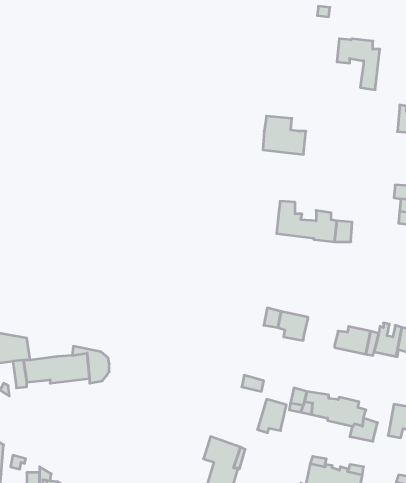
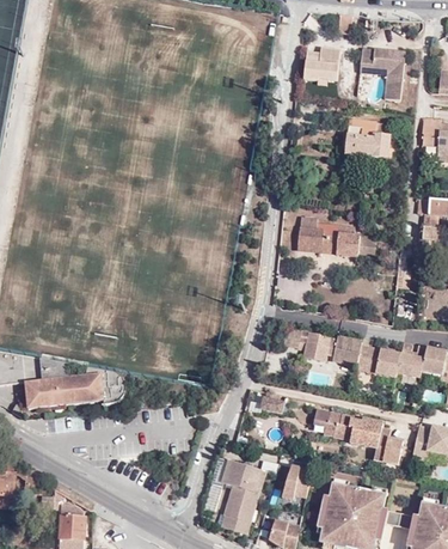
building: none -> [303,48,340,81]
building: [263,116,306,154] -> [345,120,389,159]
building: none -> [326,336,363,365]
building: none -> [41,358,72,380]
building: [257,399,286,433] -> [281,465,311,500]

